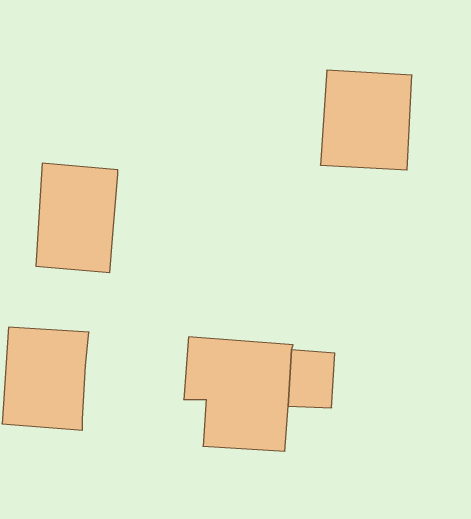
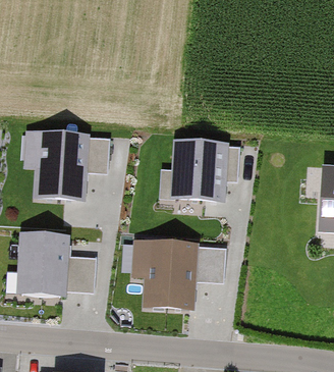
building: [320,70,412,170] -> [169,138,227,201]
building: none -> [85,137,110,176]
building: none -> [65,258,96,294]

